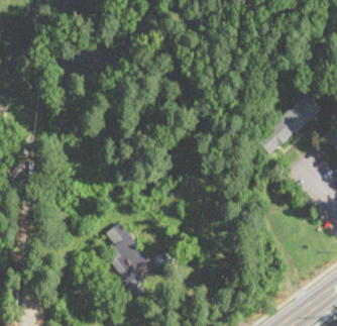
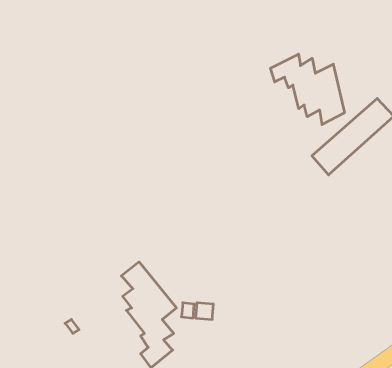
building: none -> [271,54,344,125]

